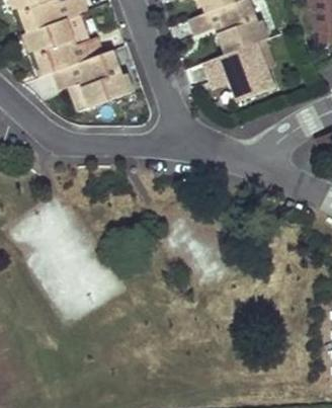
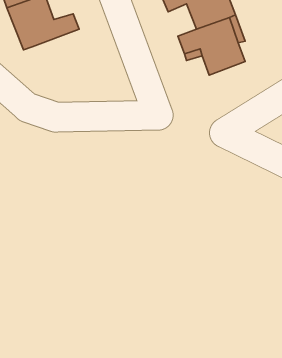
building: [54,49,128,105] -> none

